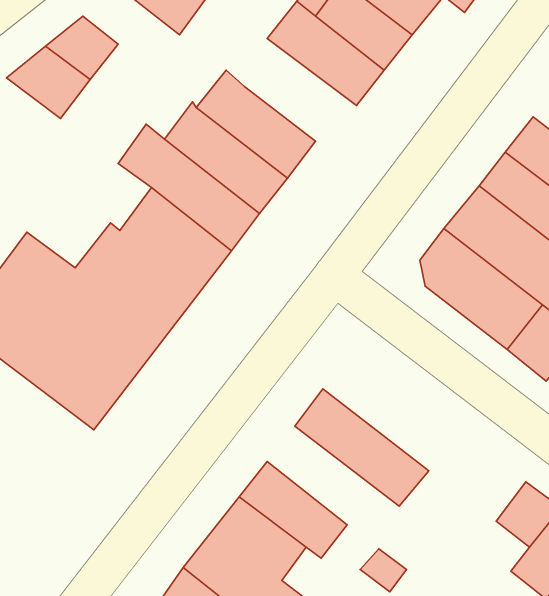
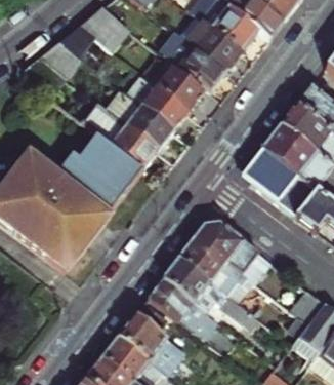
building: none -> [153,53,205,100]
building: none -> [196,222,270,281]
building: none -> [165,257,253,322]

